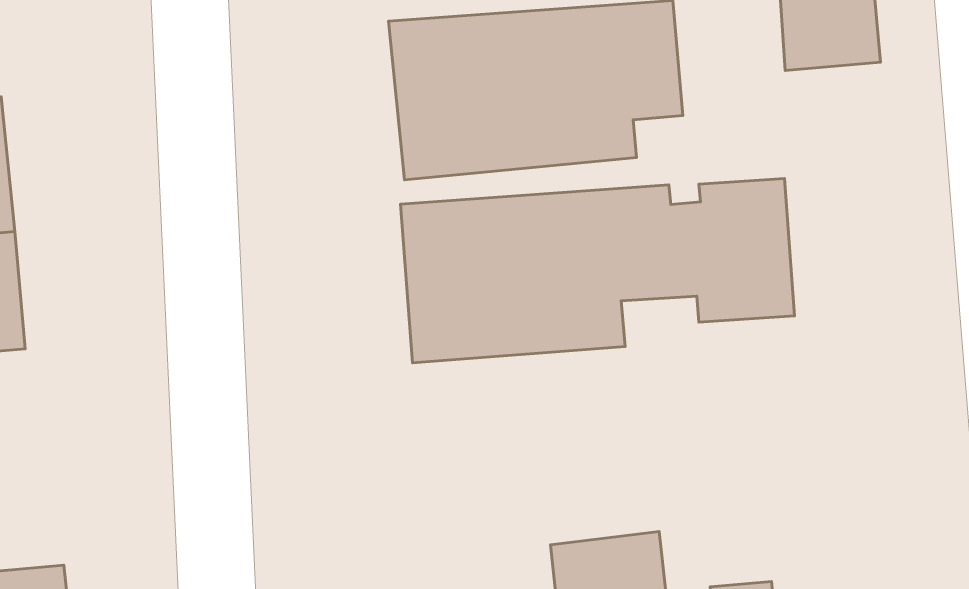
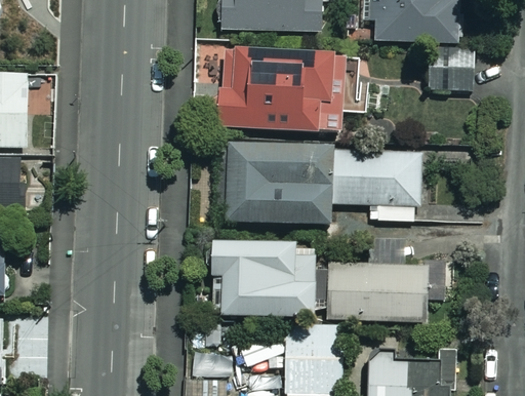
building: none -> [209,239,316,318]
building: none -> [327,261,444,321]

